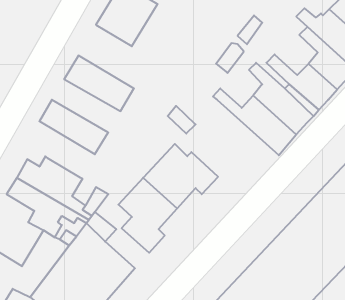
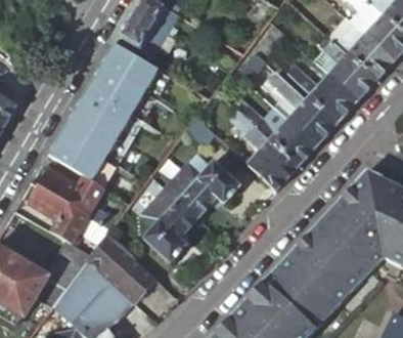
building: none -> [99,41,169,97]
building: none -> [73,88,141,141]
building: none -> [228,109,299,189]
building: none -> [46,130,116,186]

